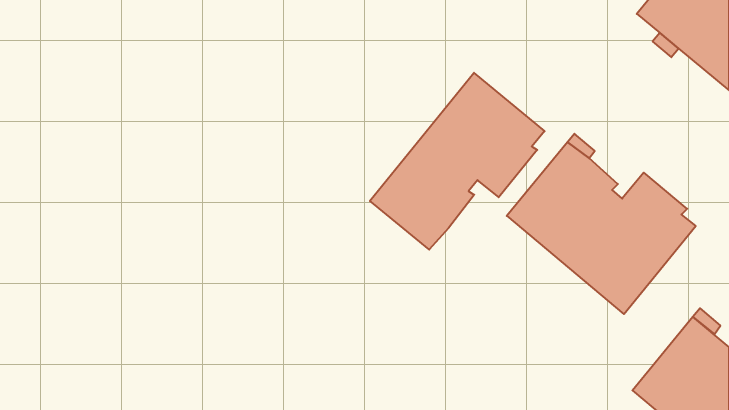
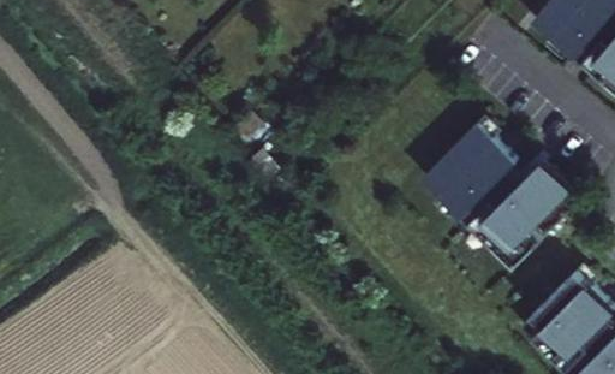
building: [370,73,545,250] -> none

